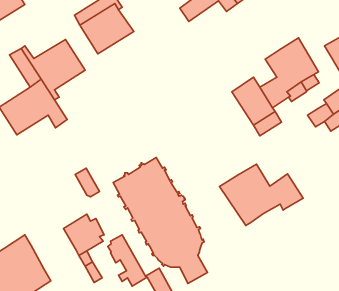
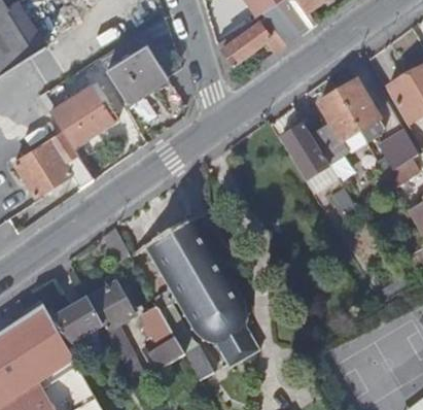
building: [220,164,303,226] -> none
building: none -> [51,299,103,345]

